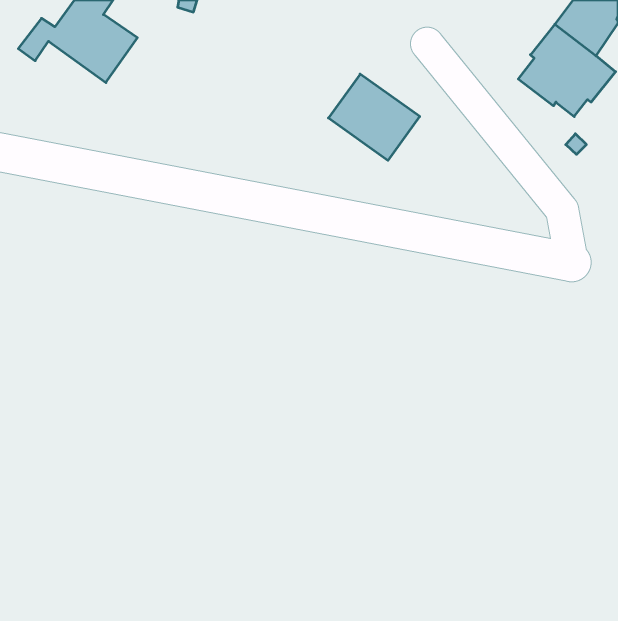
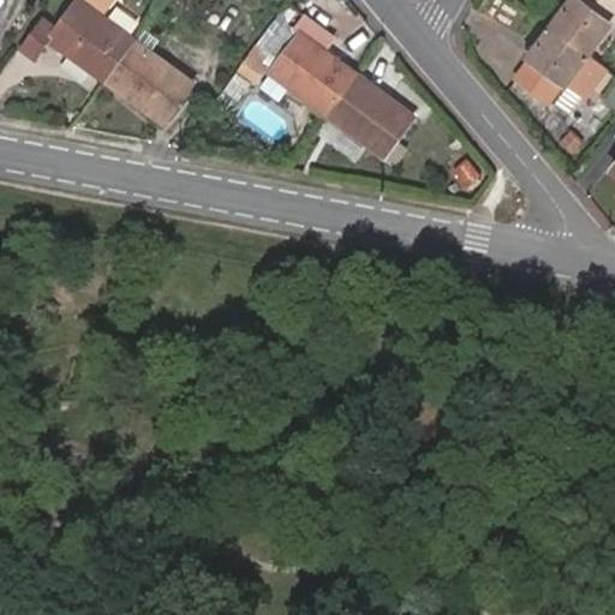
building: none -> [265,19,356,117]
building: none -> [105,37,193,124]

